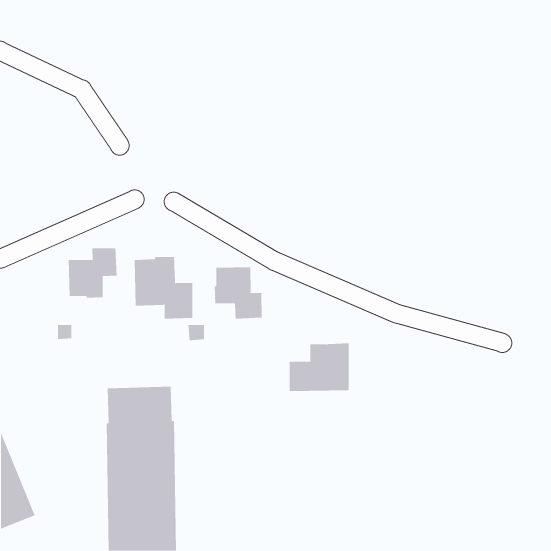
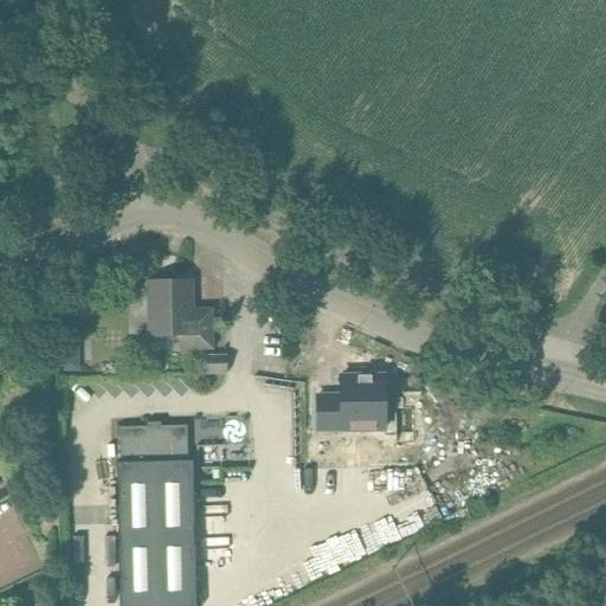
building: [68,247,117,299] -> none
building: [214,266,262,320] -> none

